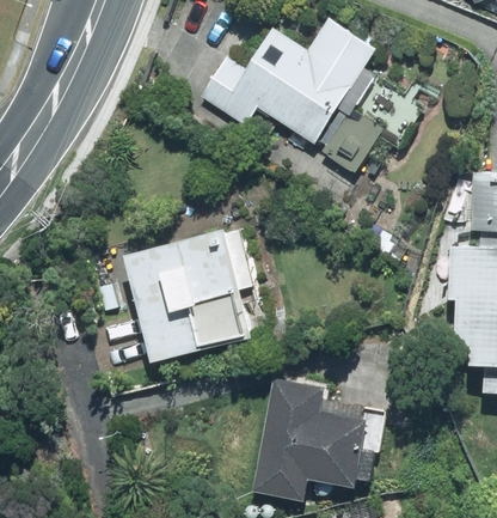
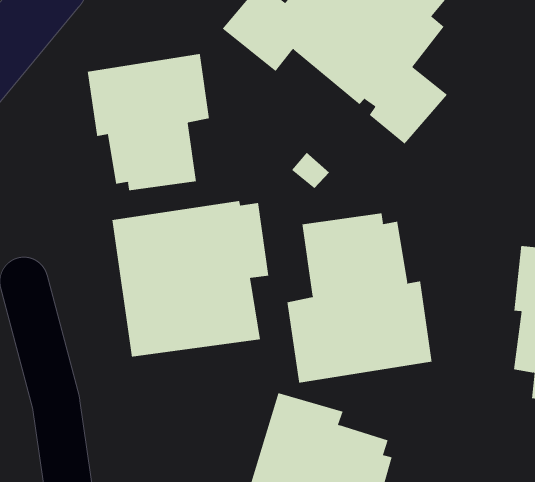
building: none -> [87,53,210,191]
building: none -> [287,212,432,384]

